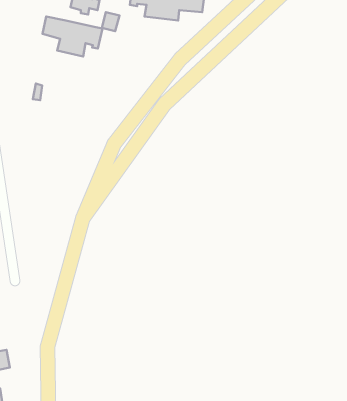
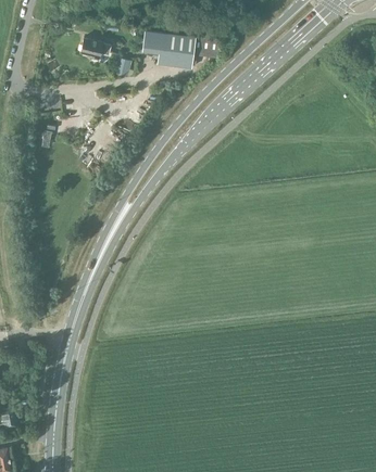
building: [42,16,102,56] -> none

